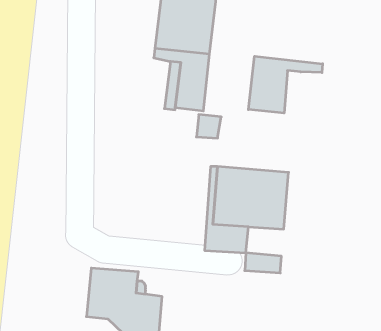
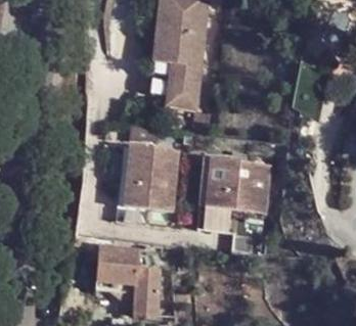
building: [248,56,323,113] -> none
building: none -> [116,146,177,225]

